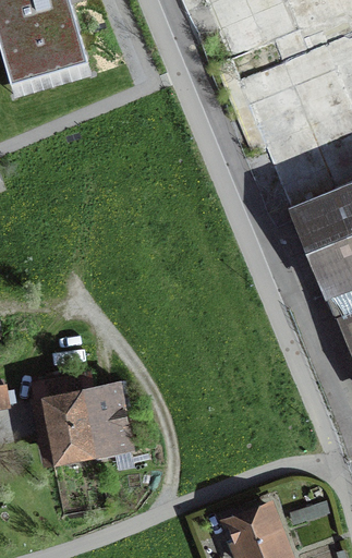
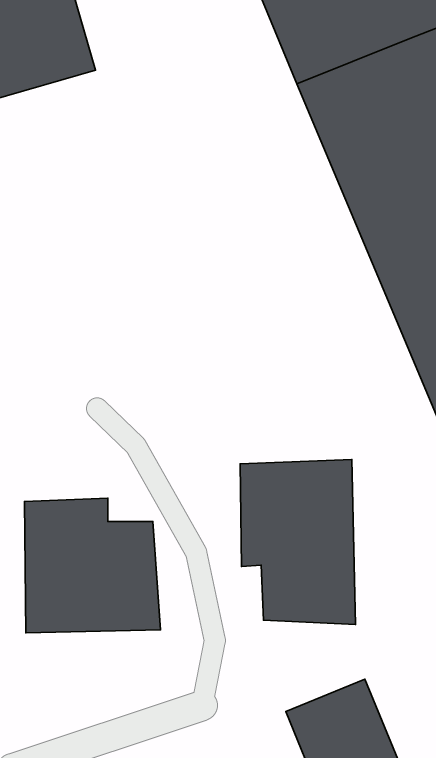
building: none -> [240,460,356,625]

